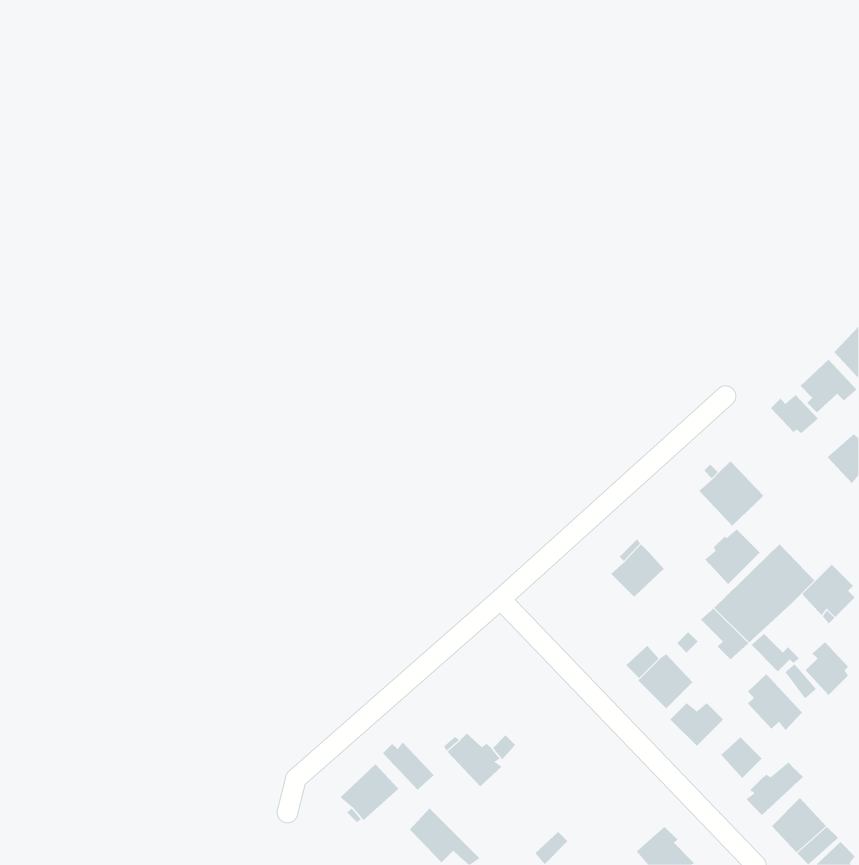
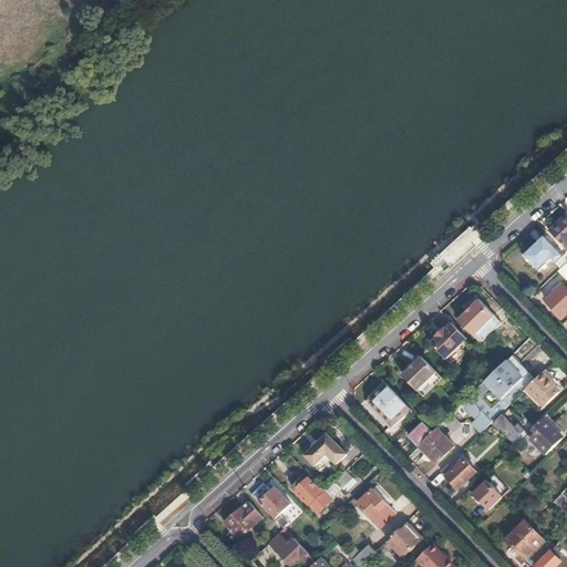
building: [770,394,819,434] -> none
building: [705,529,760,585] -> [430,322,466,359]
building: none -> [371,383,410,425]
building: none -> [301,431,346,470]
building: [747,673,803,731] -> none
building: none -> [354,487,394,527]
building: [746,761,804,816] -> none
building: none -> [389,519,423,554]

